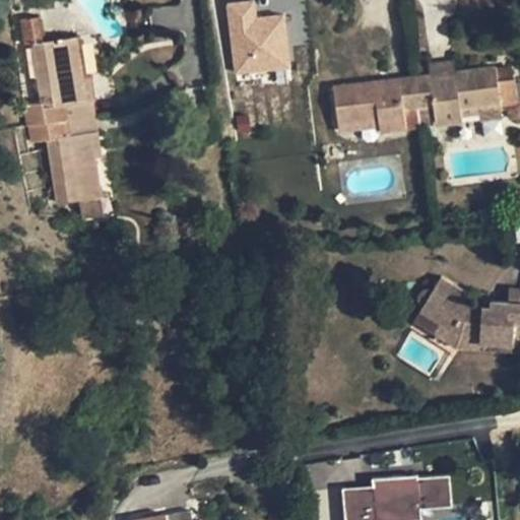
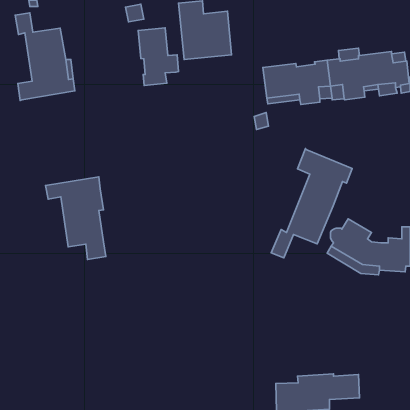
building: none -> [138,28,179,85]
building: [27,116,104,220] -> [46,177,106,260]
building: none -> [271,148,352,258]

